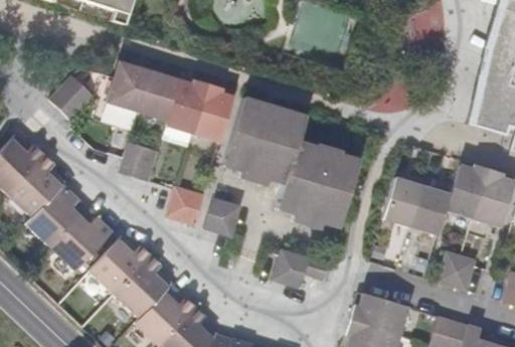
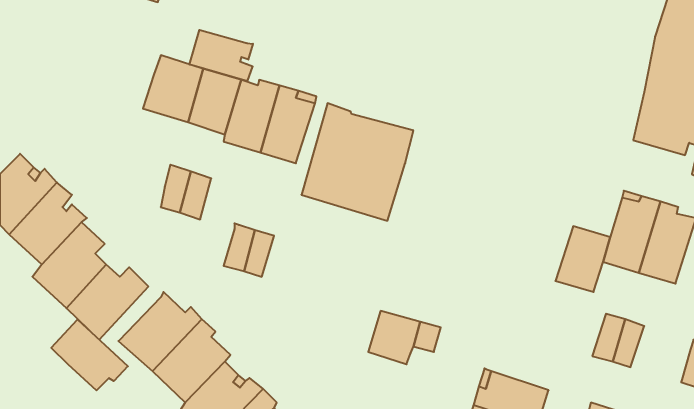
building: none -> [189,30,253,81]
building: [50,75,94,120] -> none
building: [280,141,360,227] -> none
building: [384,179,424,227] -> none
building: [205,197,241,235] -> none
building: none -> [51,319,128,390]

